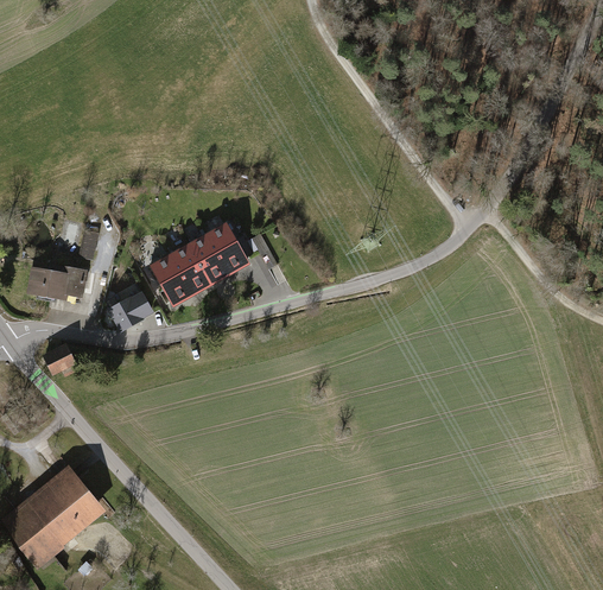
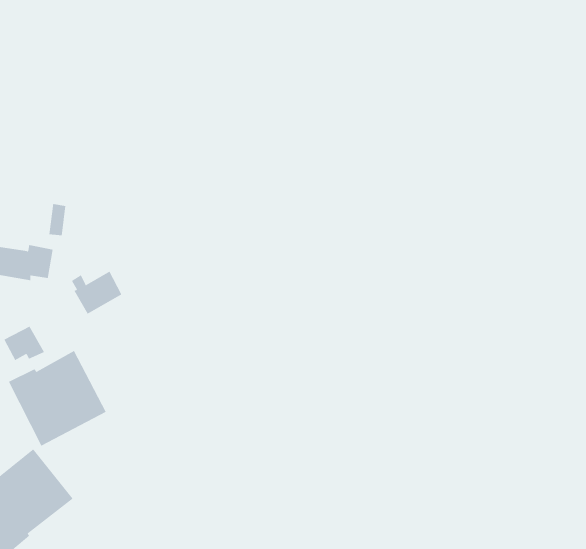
building: [150,222,249,307] -> none
building: none -> [8,350,107,446]

